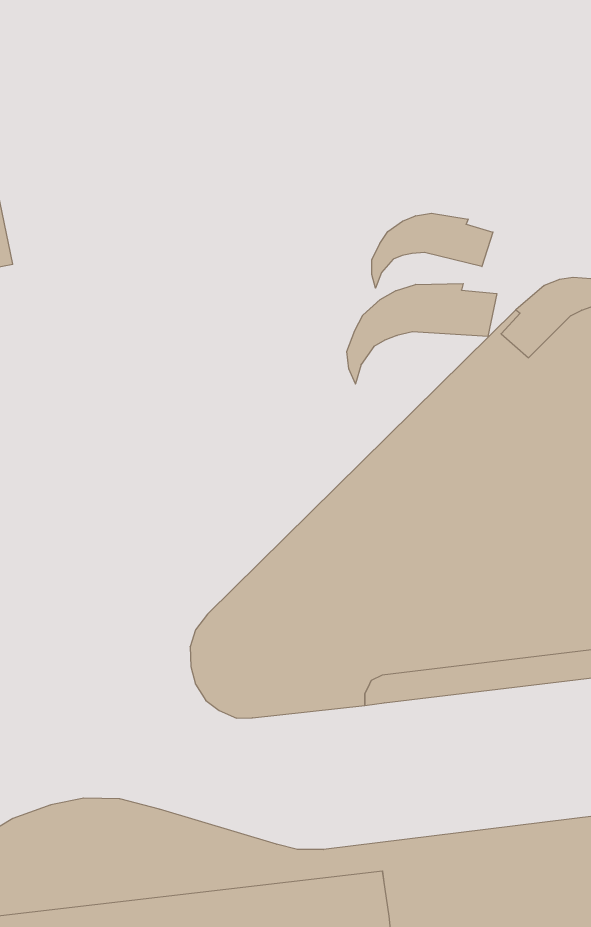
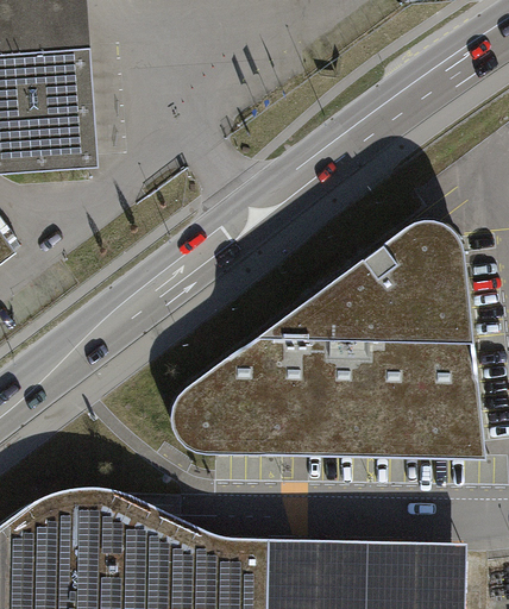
building: [372,213,493,288] -> none
building: [347,284,497,384] -> none

